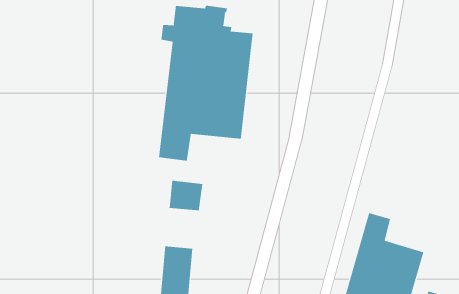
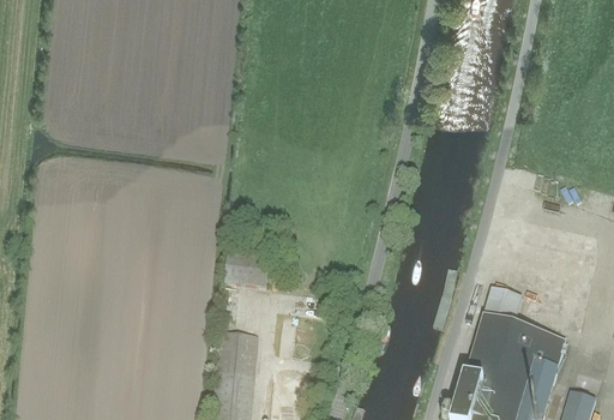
building: [158,5,253,161] -> none

